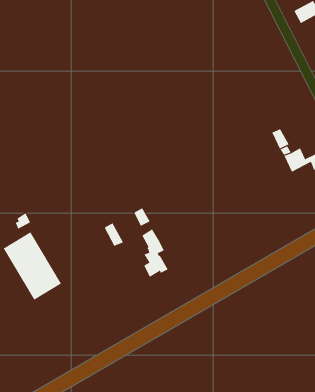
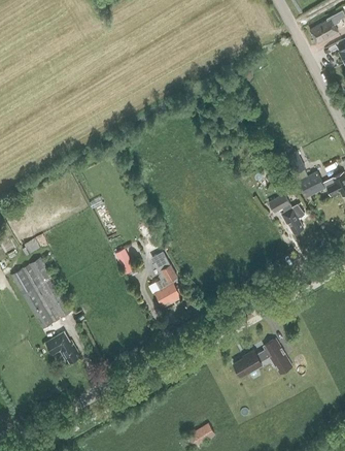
building: none -> [269,194,305,233]
building: none -> [46,331,78,362]
building: none -> [234,340,292,377]

